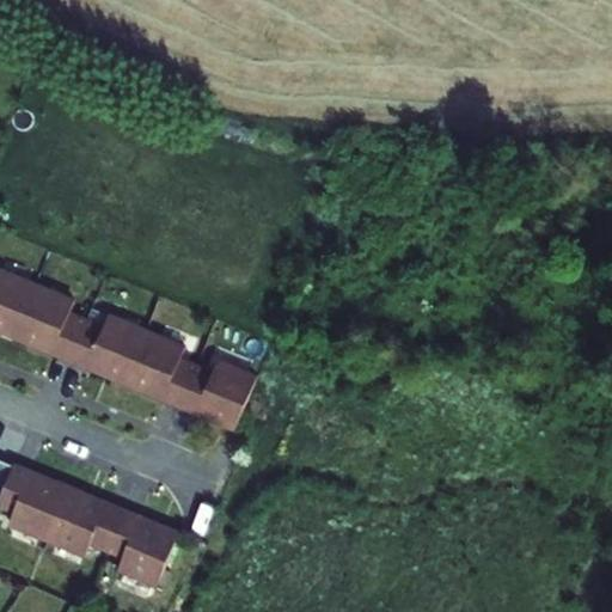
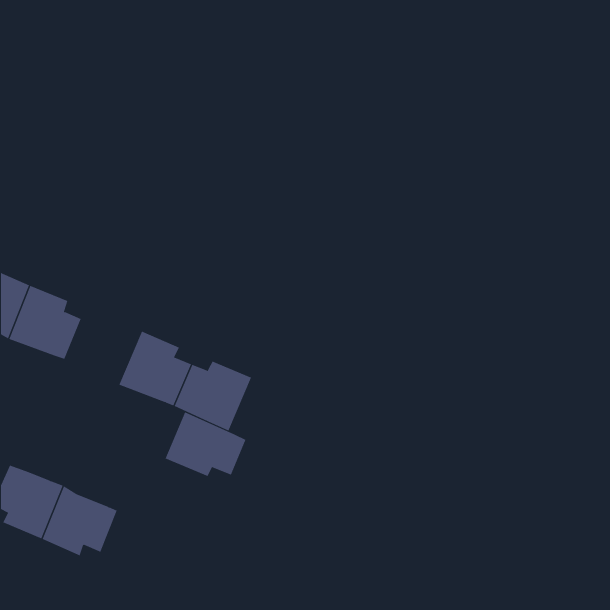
building: [67,314,143,384] -> none
building: none -> [165,412,246,477]
building: [103,509,176,583] -> none

